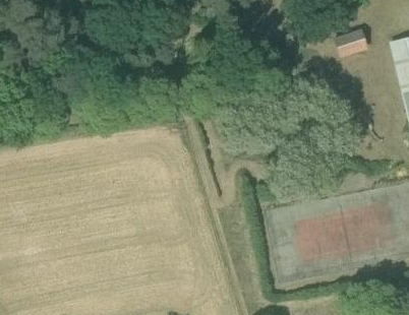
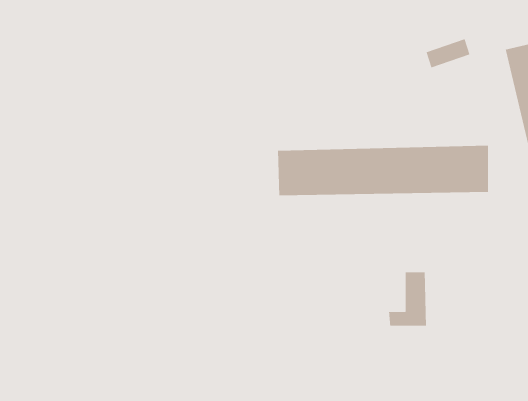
building: none -> [277,145,489,196]

